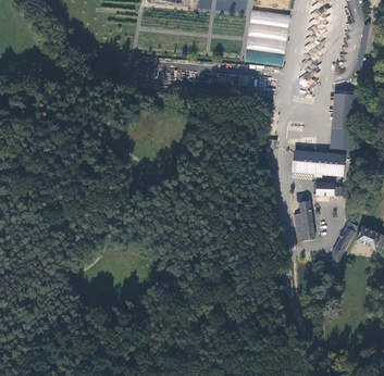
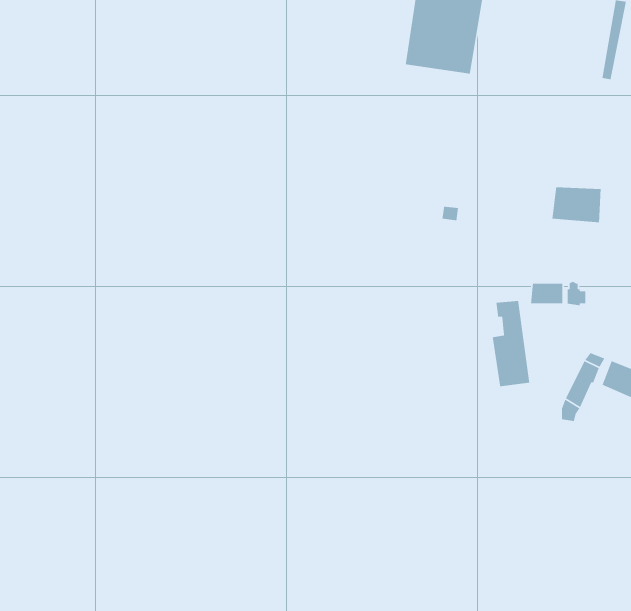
building: [331,92,354,127] -> none
building: [295,156,344,177] -> none

